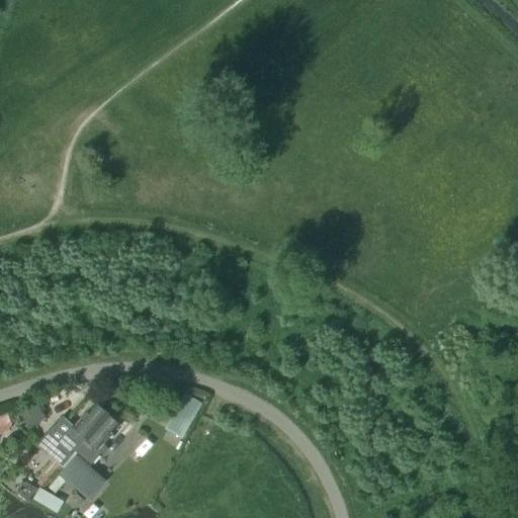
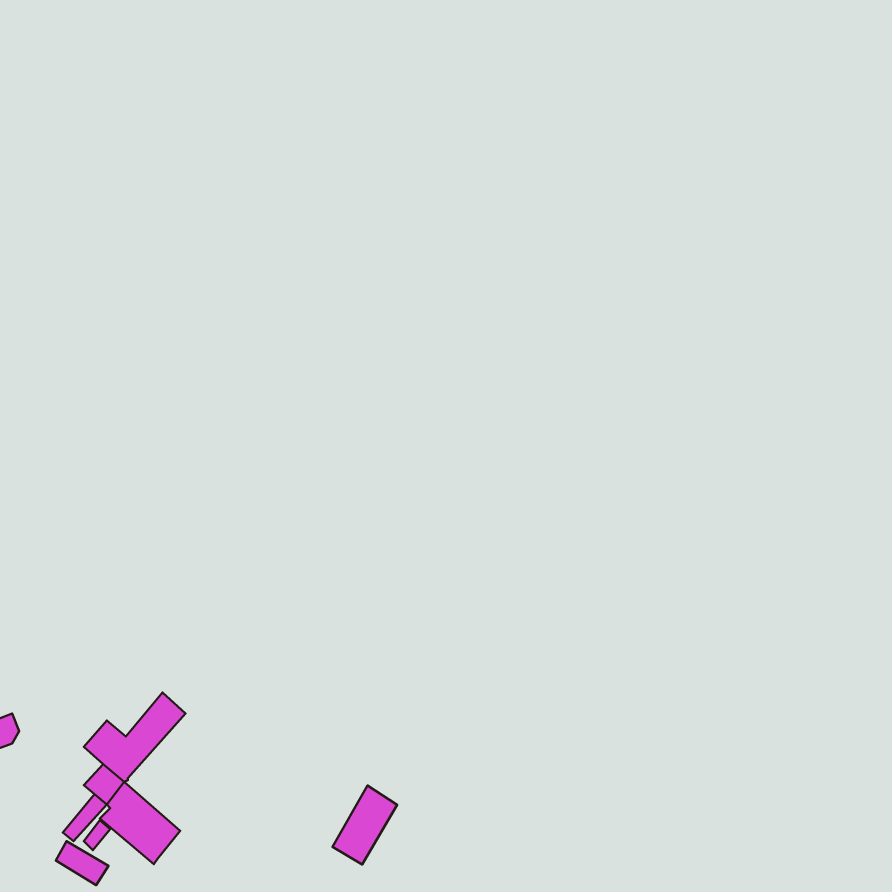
building: [165,391,202,436] -> [332,786,397,864]
building: [74,413,119,463] -> none

